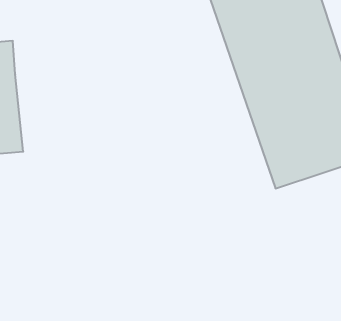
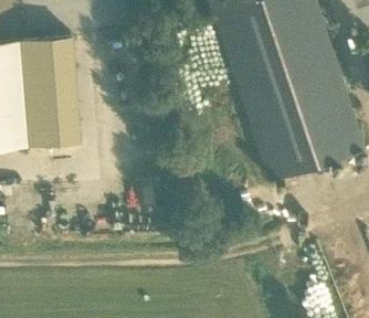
building: none -> [19,36,82,147]

